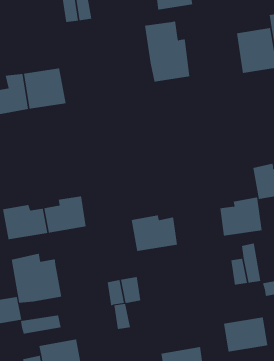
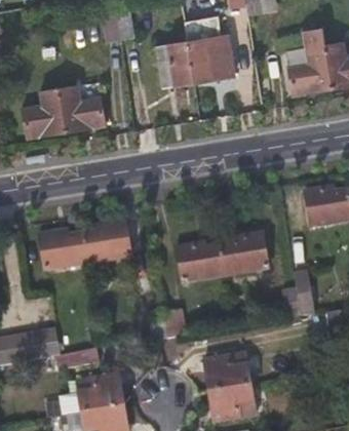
building: none -> [157,40,195,85]
building: [219,197,263,236] -> [221,232,267,274]
building: [11,253,62,304] -> none
building: [223,317,268,352] -> [201,352,249,390]

